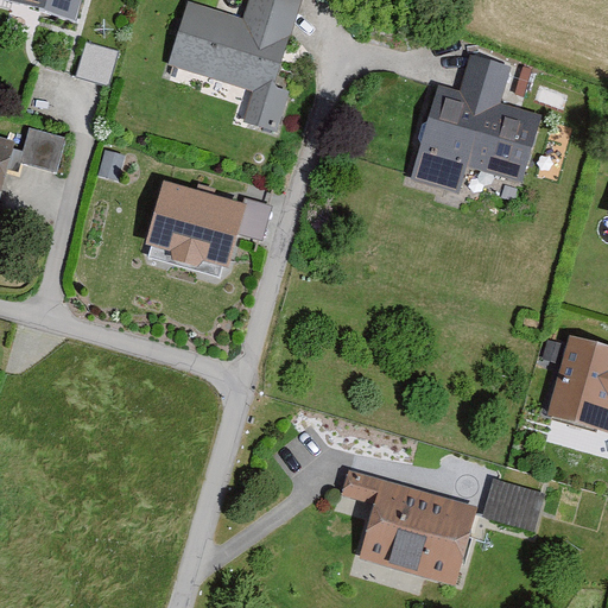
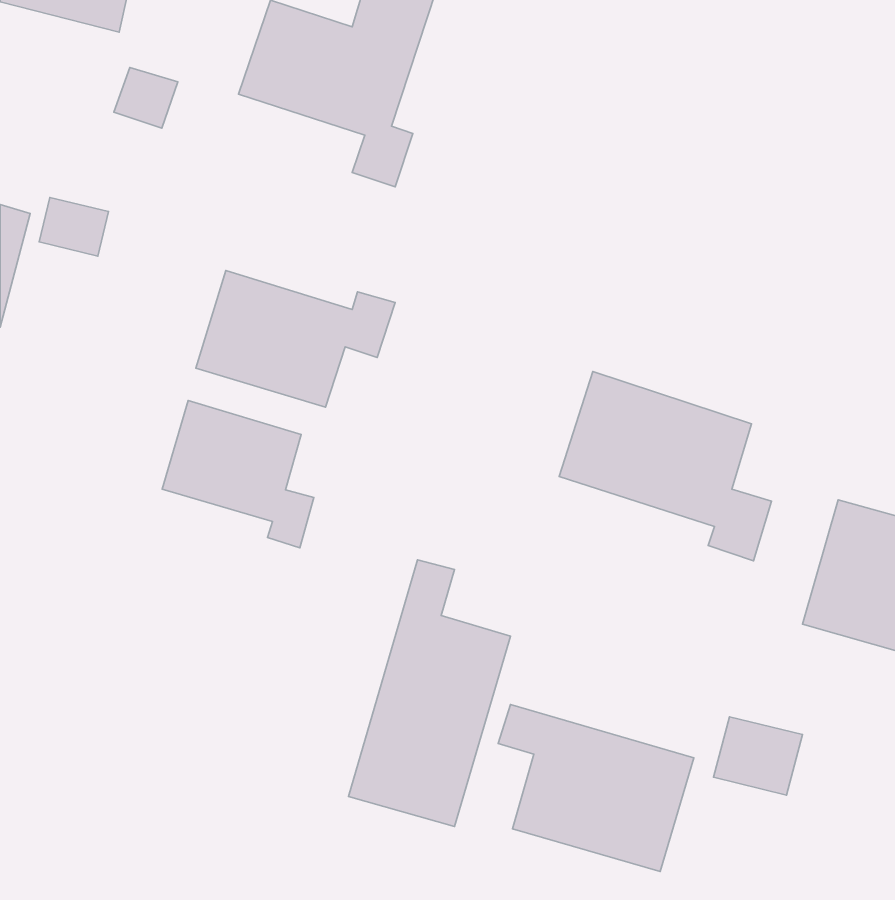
building: [406,55,539,197] -> none
building: none -> [559,372,772,561]
building: none -> [162,401,314,548]
building: none -> [348,560,510,826]

